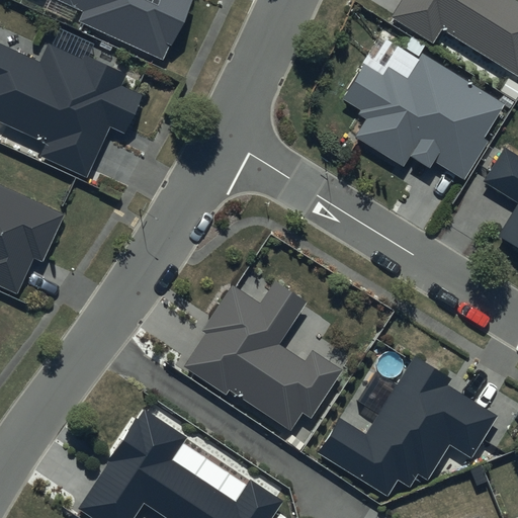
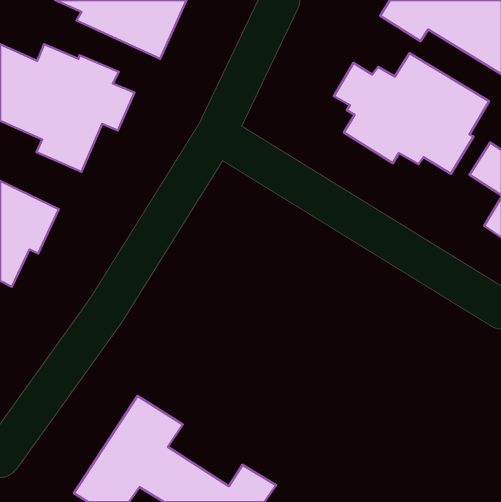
building: [183,283,337,430] -> none
building: [317,355,498,495] -> none

